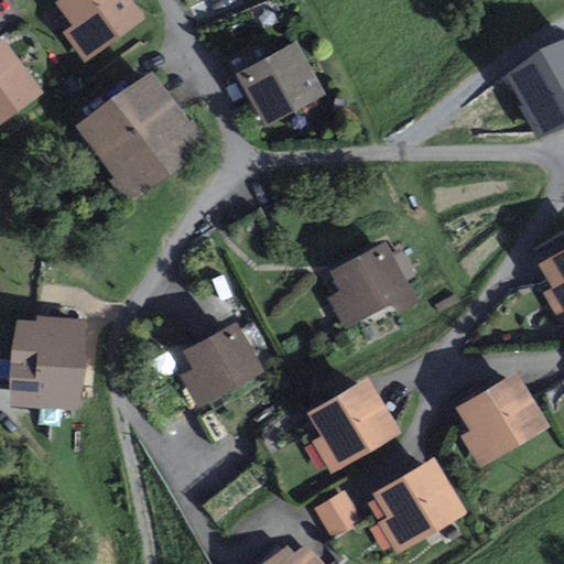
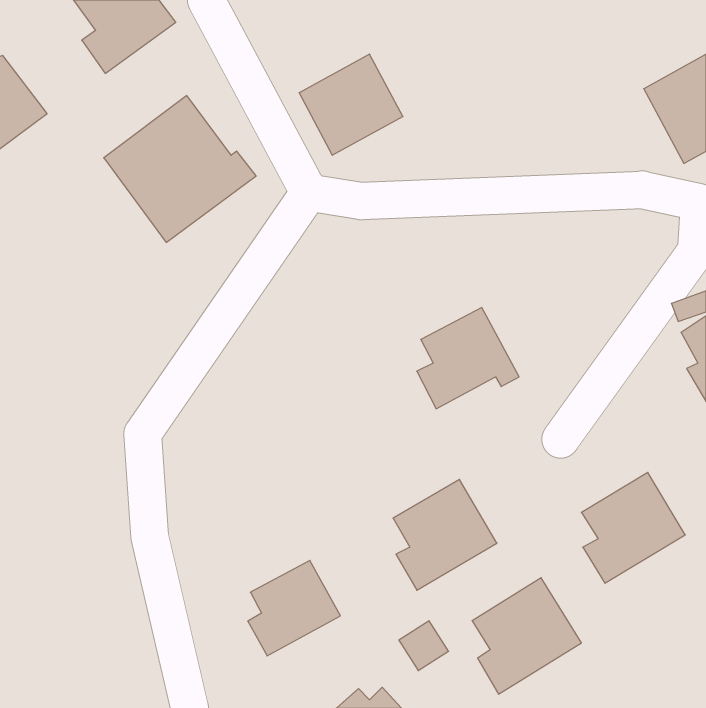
building: [11,321,82,405] -> none
building: [184,326,258,402] -> [248,560,340,656]

